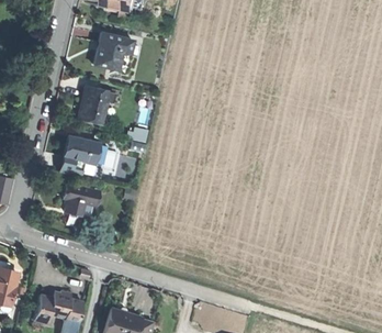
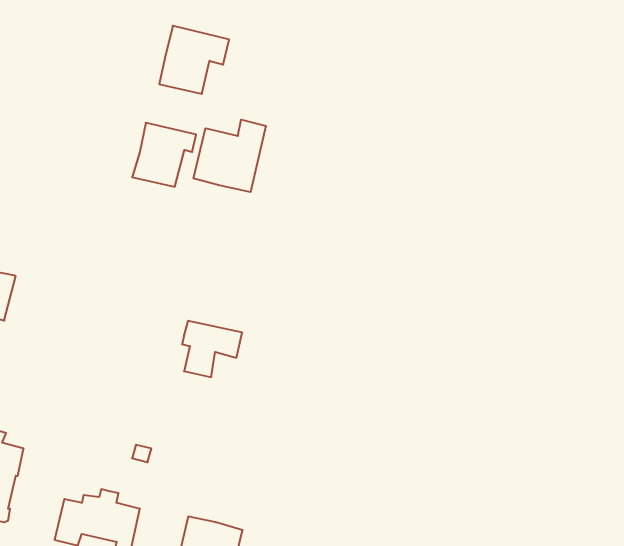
building: none -> [193,120,266,192]
building: [65,132,99,163] -> none
building: [64,182,98,214] -> [182,321,242,377]

